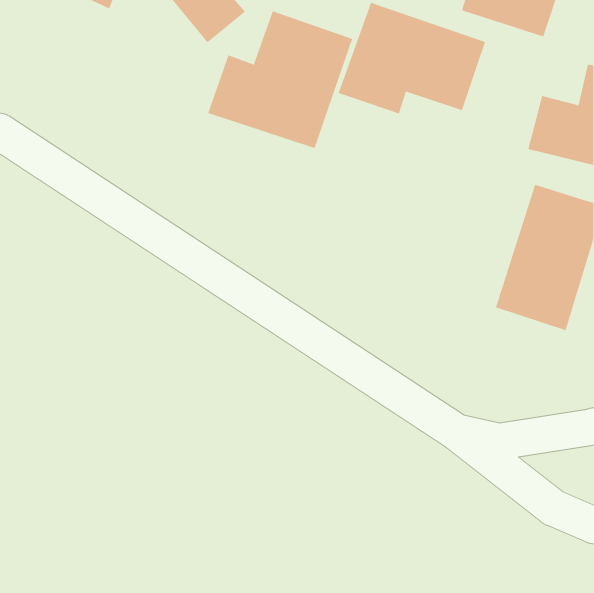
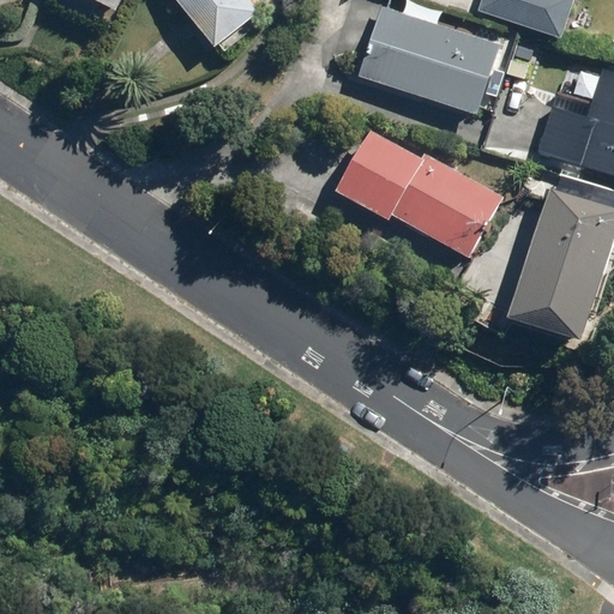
building: [208,11,353,149] -> none
building: none -> [333,128,504,258]

